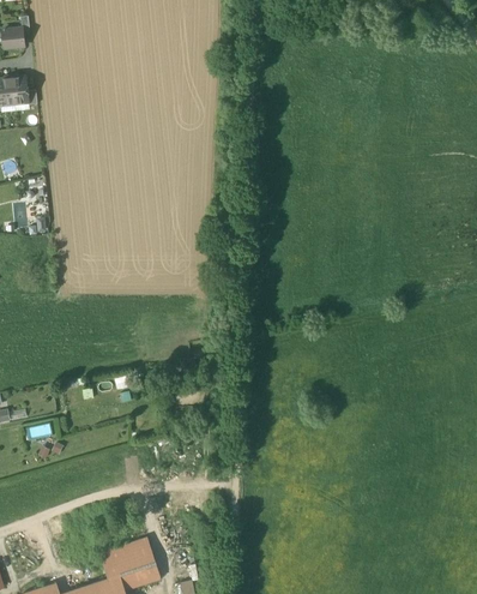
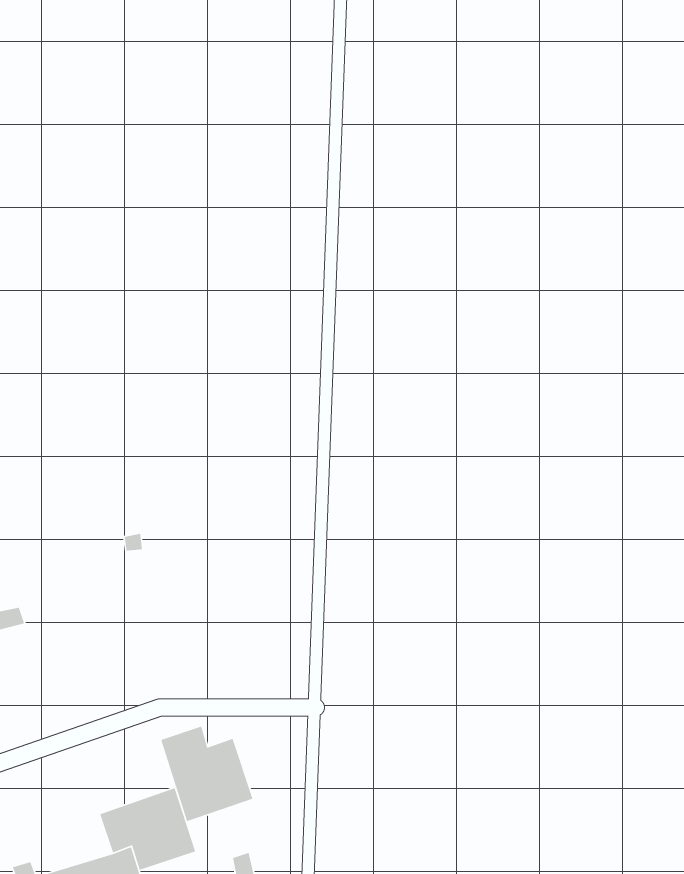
building: none -> [160,726,254,822]

